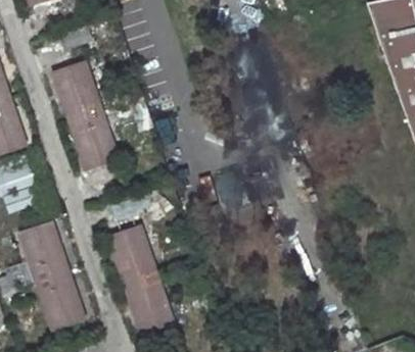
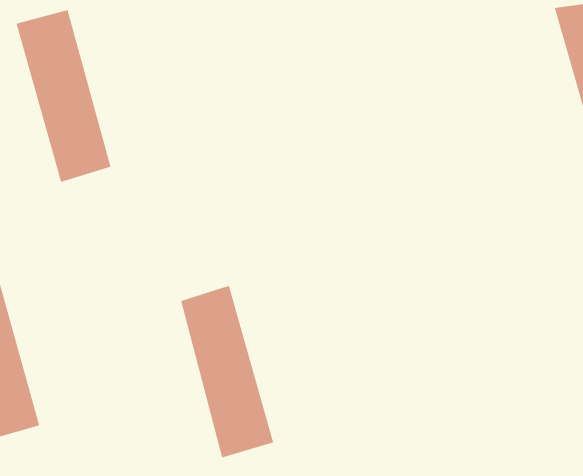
building: [109,227,172,333] -> [180,285,274,458]

